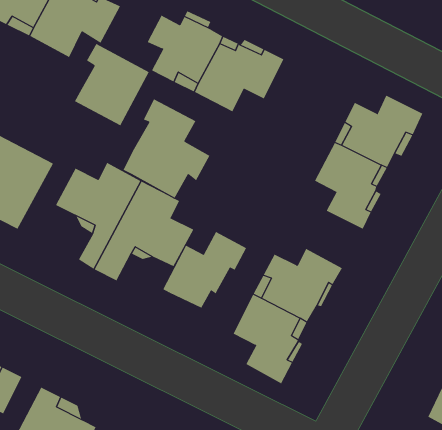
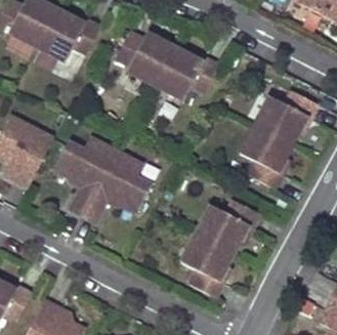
building: [74,43,150,126] -> none
building: [123,98,210,198] -> none
building: [163,231,247,308] -> none

